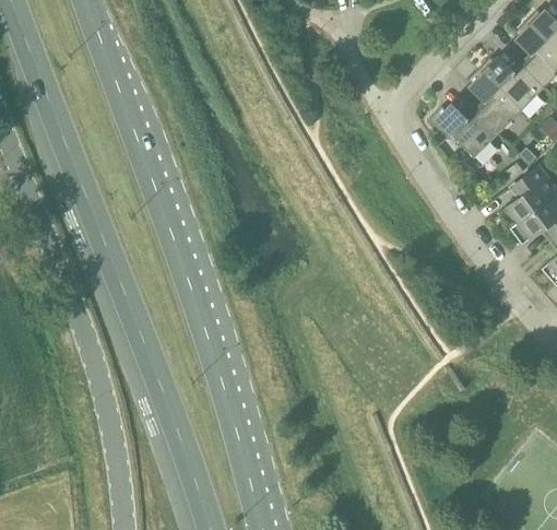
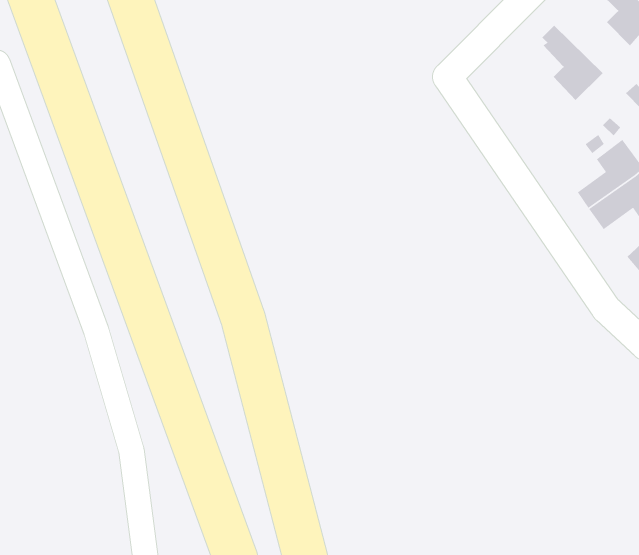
building: [481,55,546,107] -> none
building: [431,103,499,155] -> none

